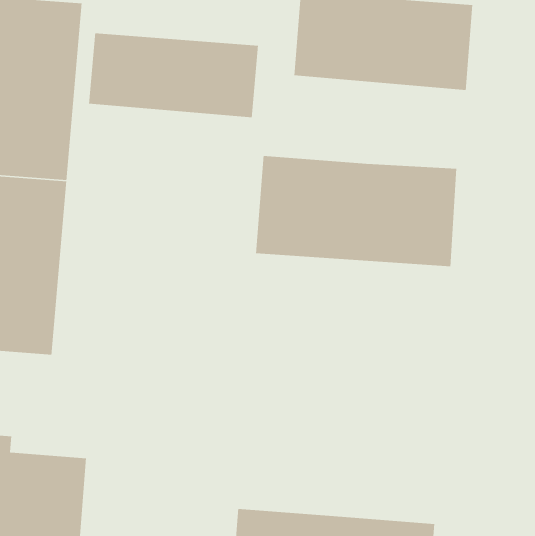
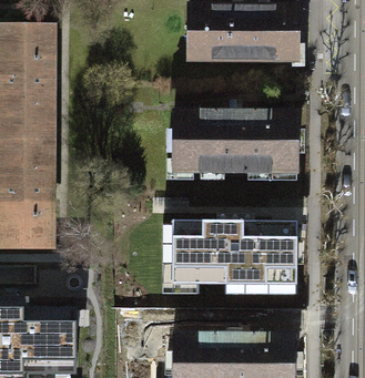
building: [88,32,259,118] -> none
building: none -> [174,224,298,284]

